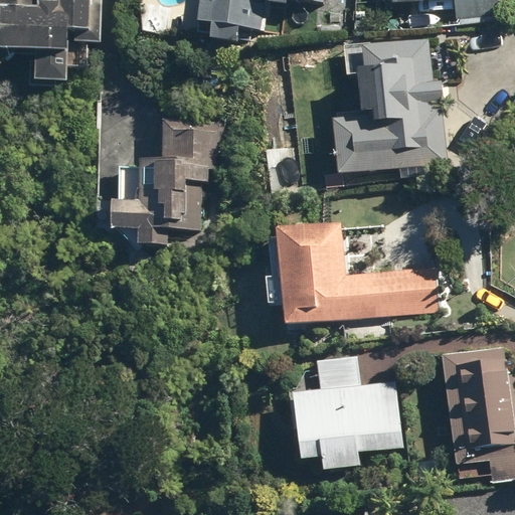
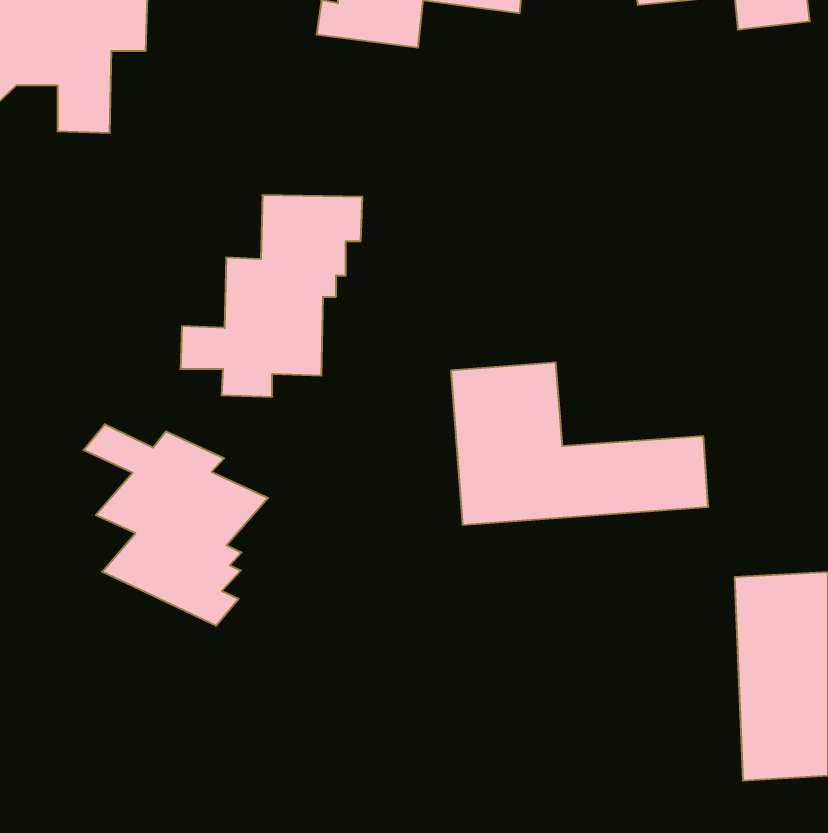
building: [334,38,445,171] -> none
building: none -> [83,424,268,626]
building: [292,356,401,471] -> none

